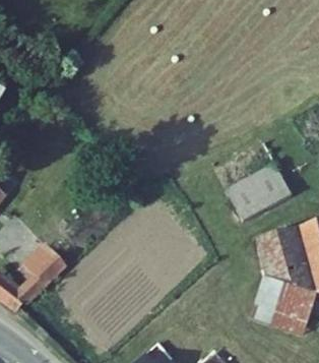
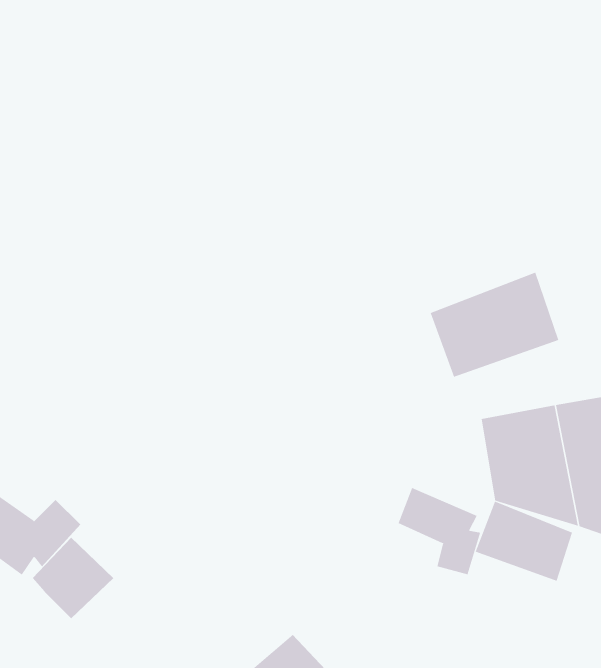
building: [29,244,72,287] -> [32,537,114,619]
building: none -> [398,487,481,575]

